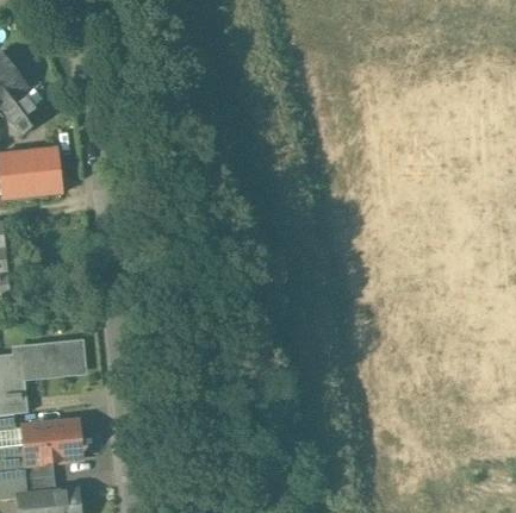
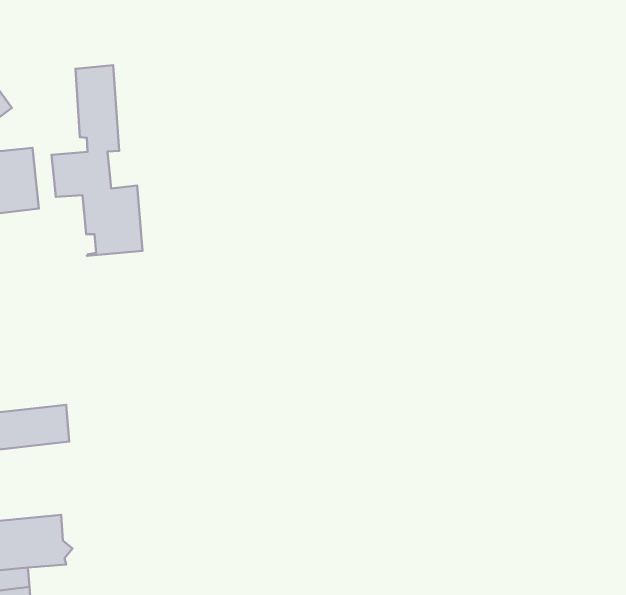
building: none -> [52,65,143,256]

